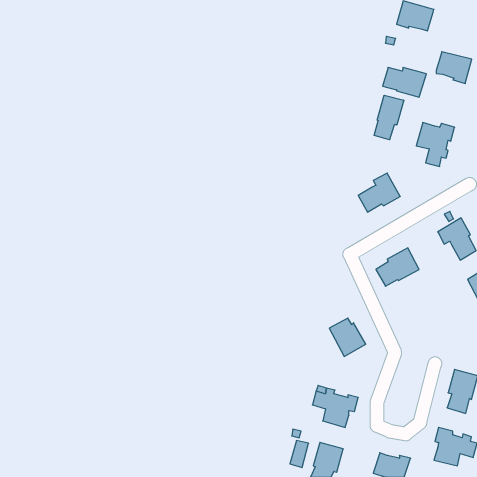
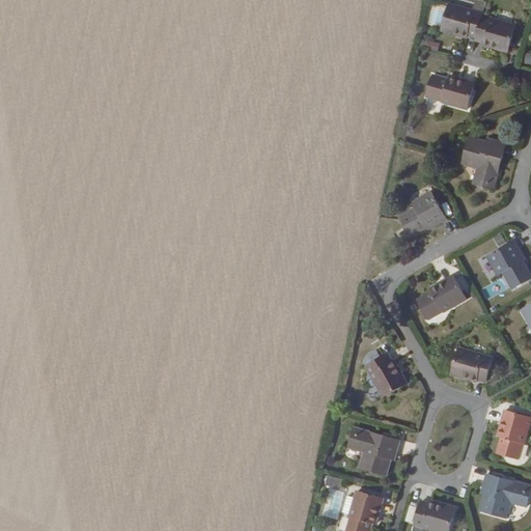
building: [436,52,472,84] -> [475,13,514,49]
building: [374,95,404,140] -> none
building: none -> [453,351,495,383]

